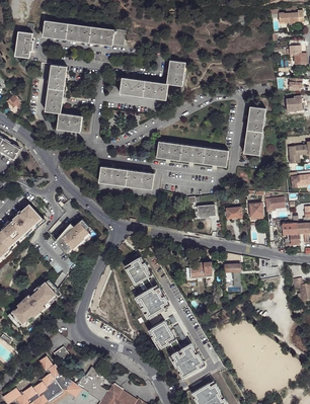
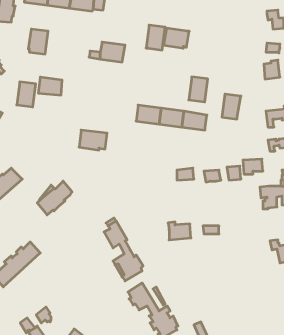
building: [142,80,168,100] -> [163,28,189,48]
building: [45,87,64,112] -> [17,82,36,107]
building: [246,106,265,132] -> [189,77,208,102]
building: [125,169,154,190] -> none

